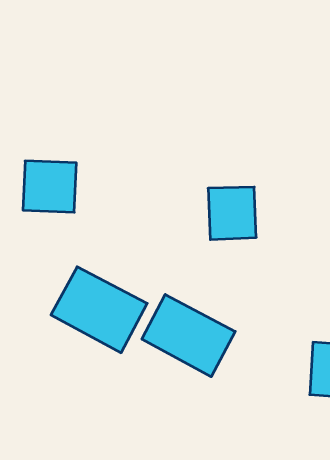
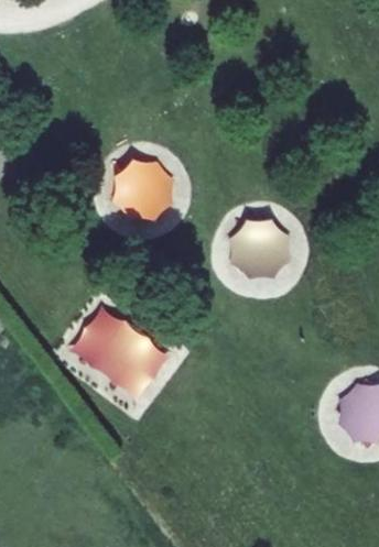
building: [23,161,76,212] -> [111,158,167,212]
building: [142,294,235,377] -> none

